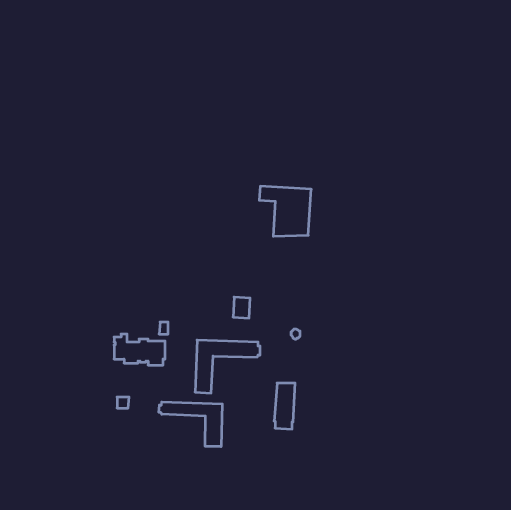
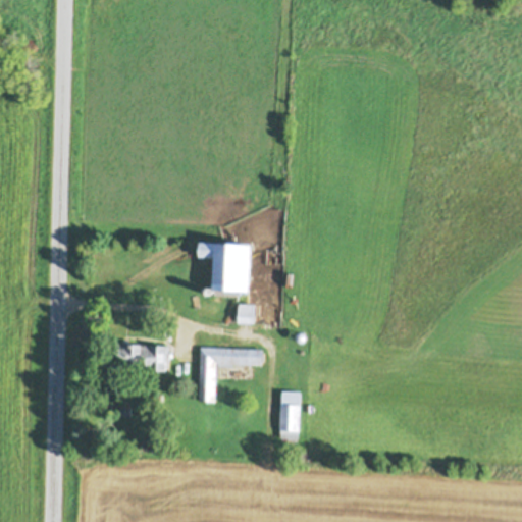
building: [259,186,311,236] -> [199,245,252,296]
building: [159,402,222,447] -> none

